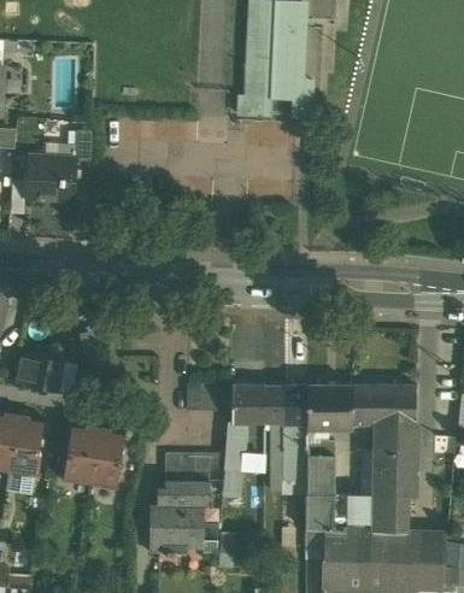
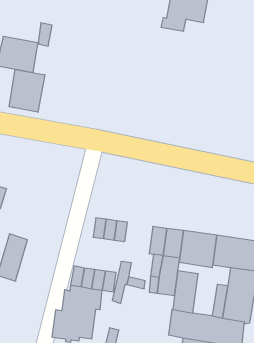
building: none -> [9,69,45,112]
building: [233,384,265,423] -> none
building: [90,427,125,488] -> none

